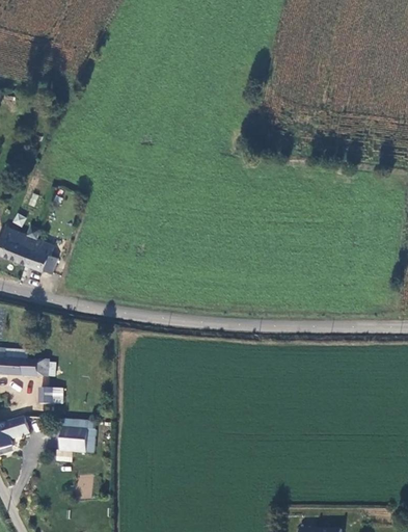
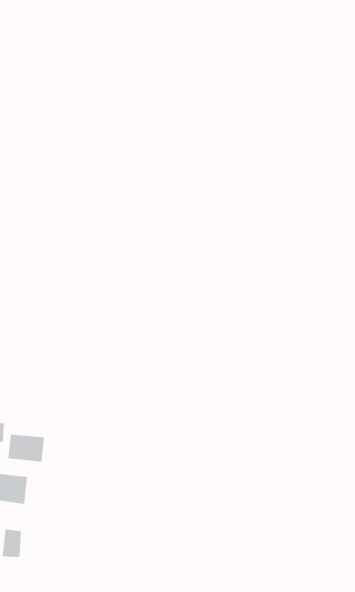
building: none -> [8,434,45,463]

